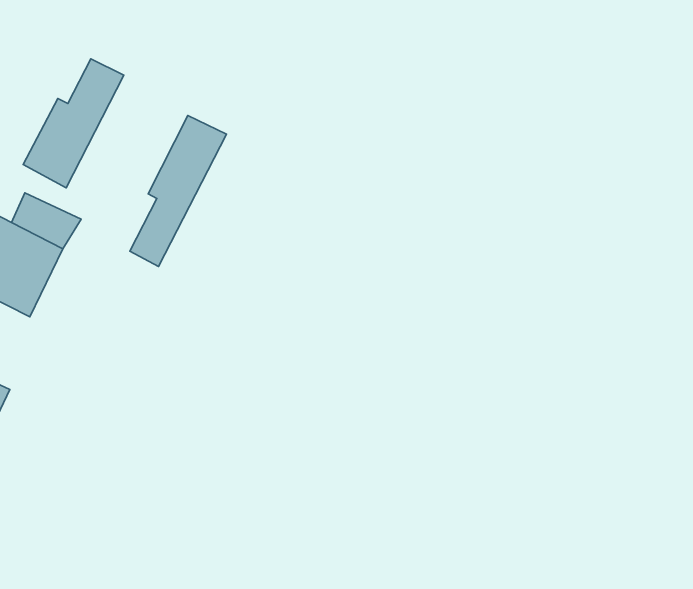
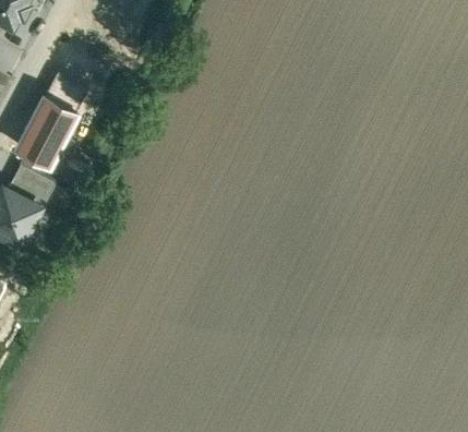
building: [130,116,227,267] -> none

